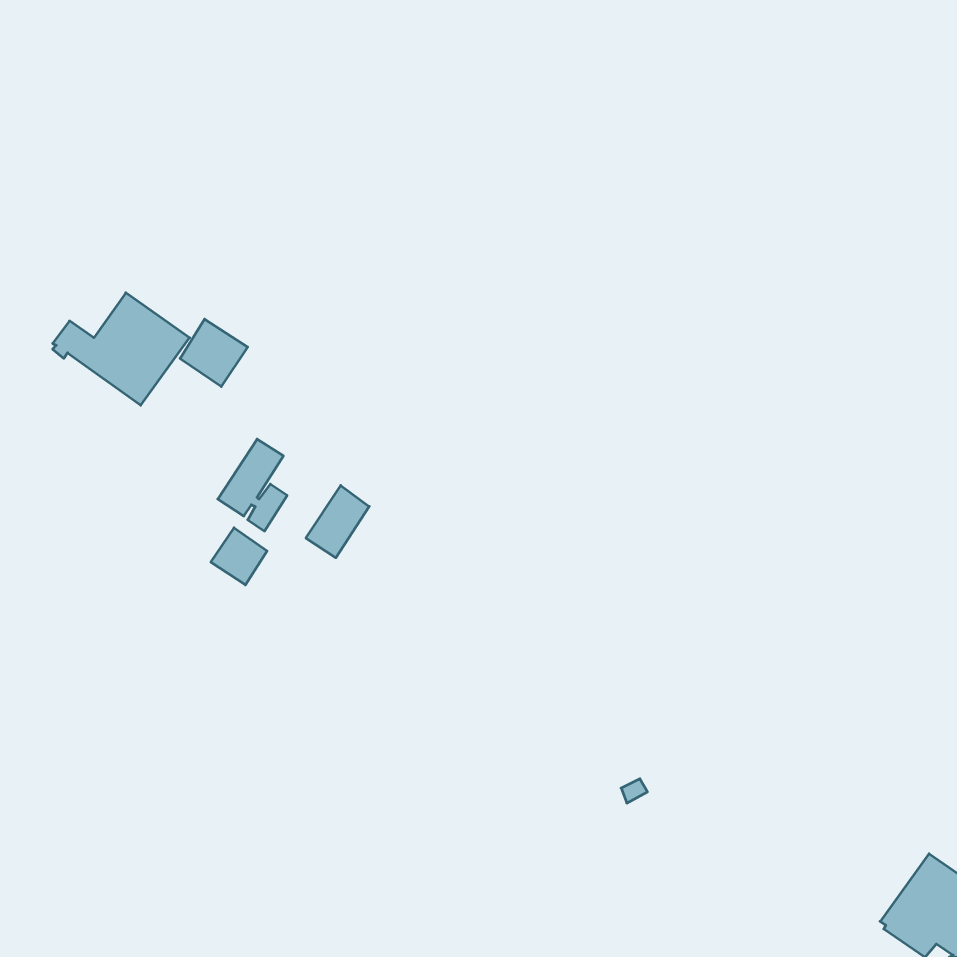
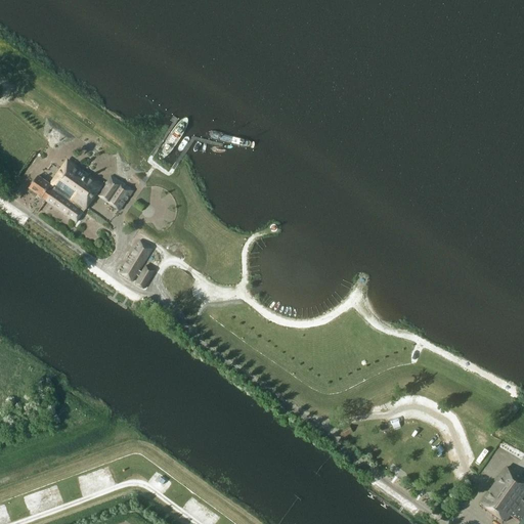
building: [306,485,369,558] -> none
building: [211,528,267,585] -> none

